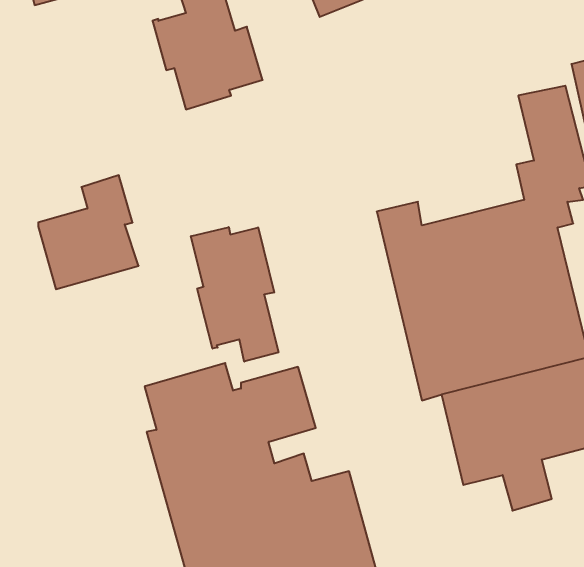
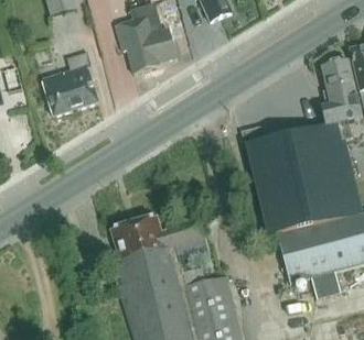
building: [38,175,139,289] -> [42,51,98,114]
building: [191,227,278,362] -> none

